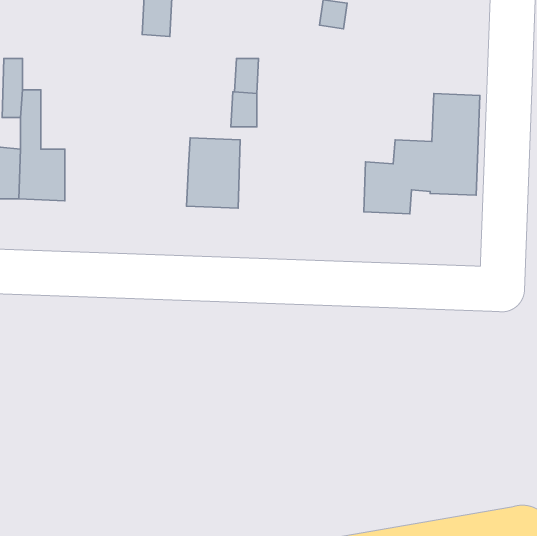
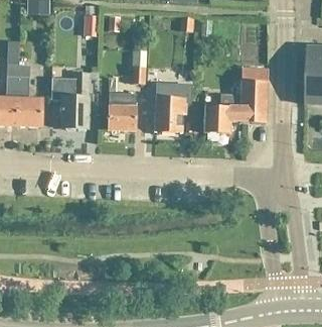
building: none -> [51,73,89,129]
building: none -> [155,83,191,132]

